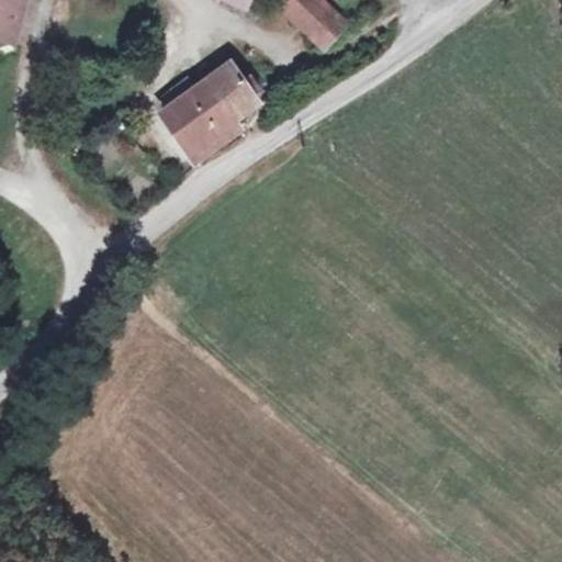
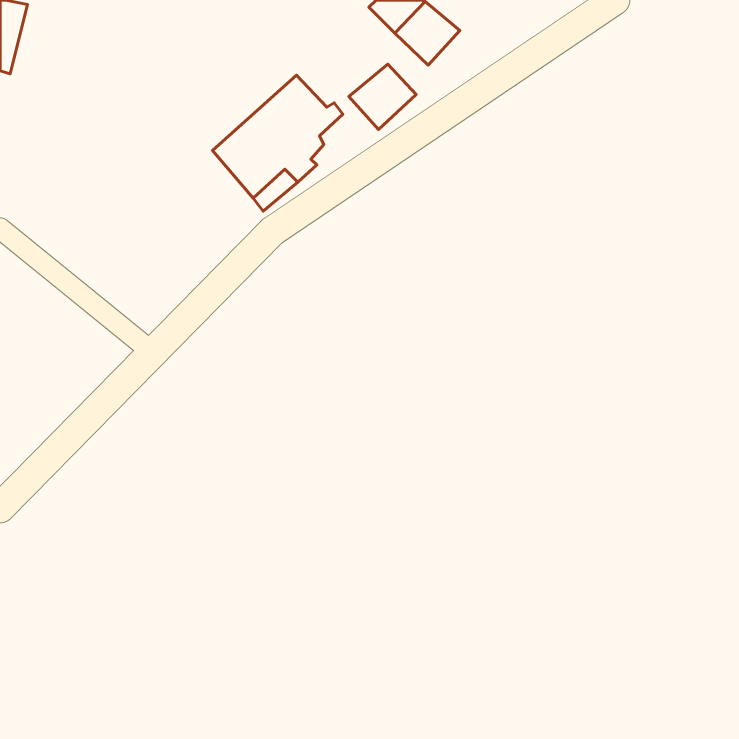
building: none -> [349,64,416,130]

